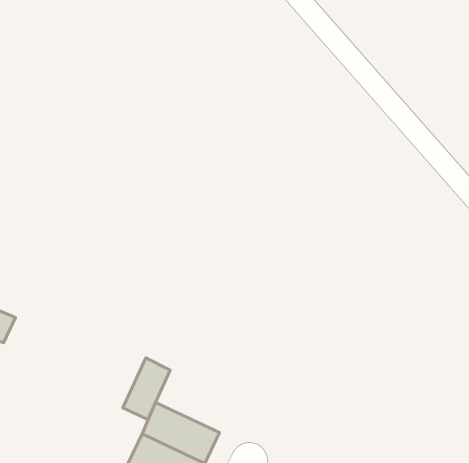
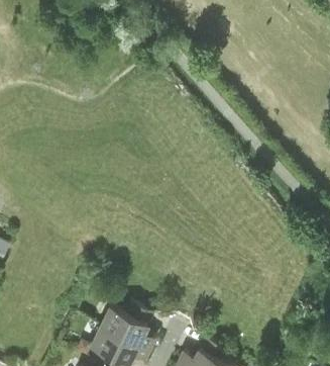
building: [123,358,170,419] -> none

